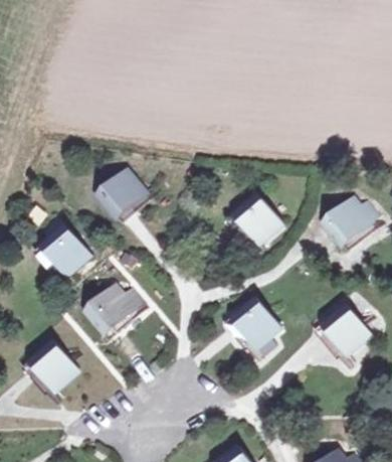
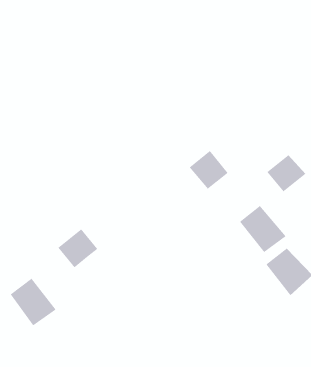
building: [100,174,144,215] -> none
building: [43,227,87,273] -> none
building: [232,300,286,354] -> [239,205,287,253]

